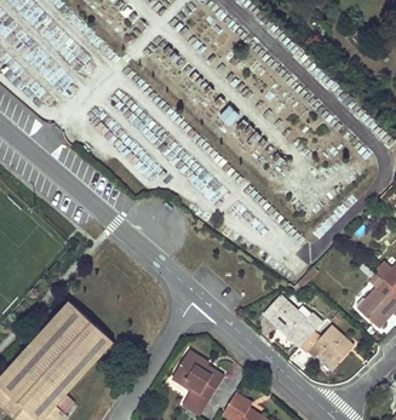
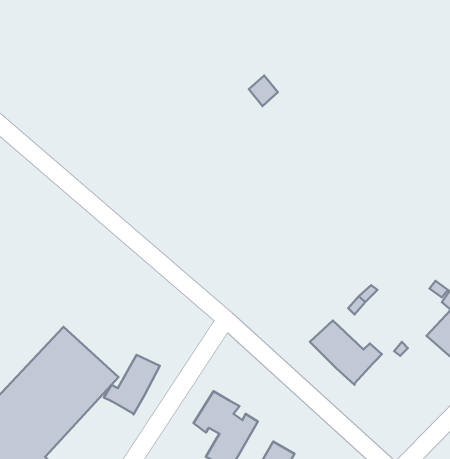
building: none -> [104,355,160,415]
building: [299,327,350,368] -> none

